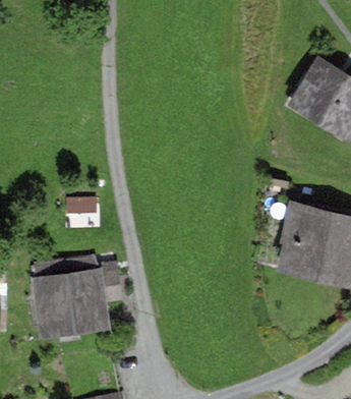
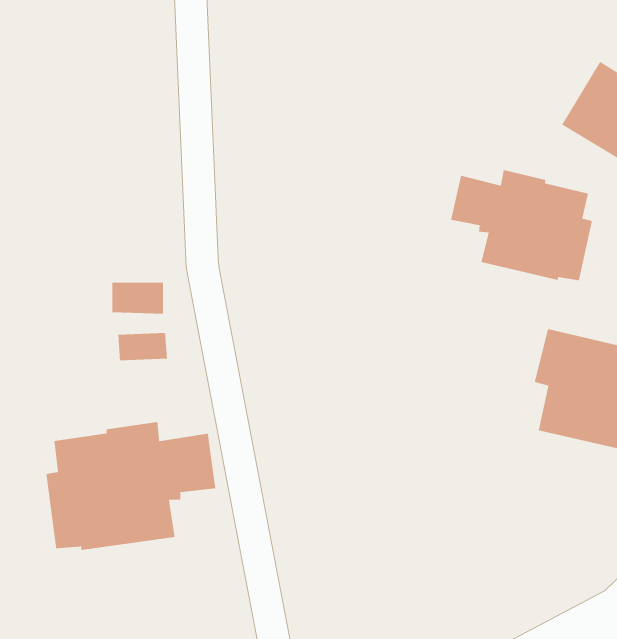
building: none -> [450,169,593,281]

